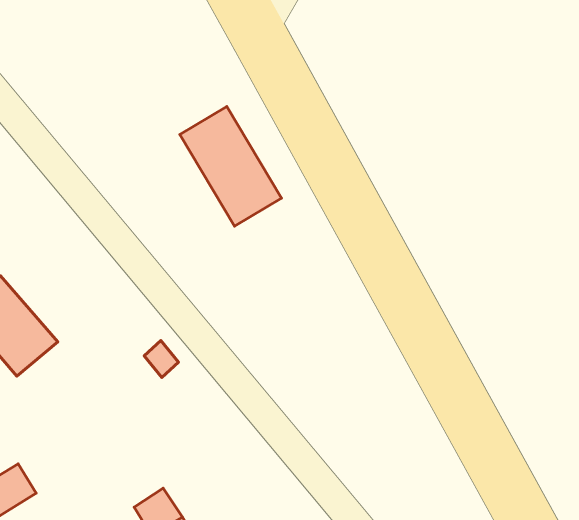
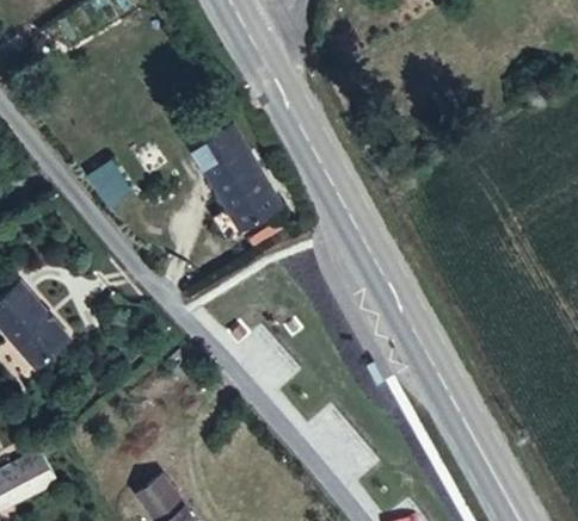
building: none -> [85,159,130,206]

